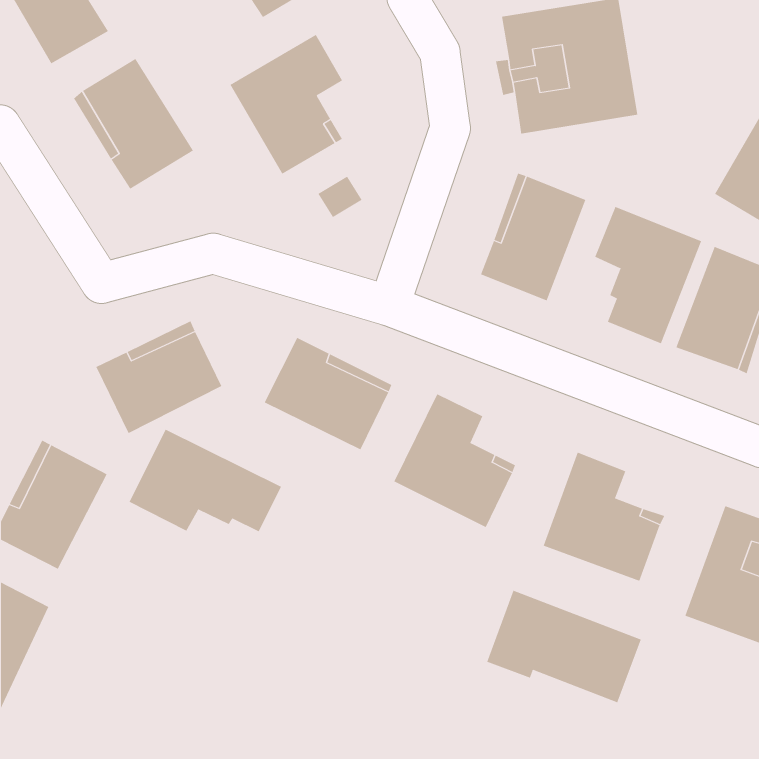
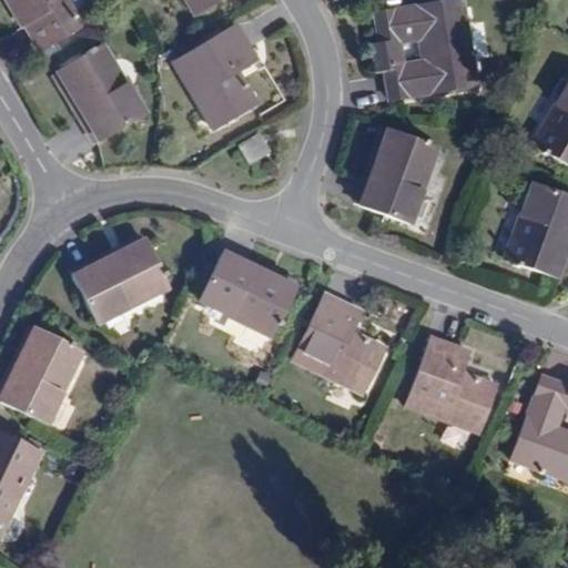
building: [595,206,702,344] -> none
building: [129,429,282,532] -> none
building: [486,590,641,703] -> none

